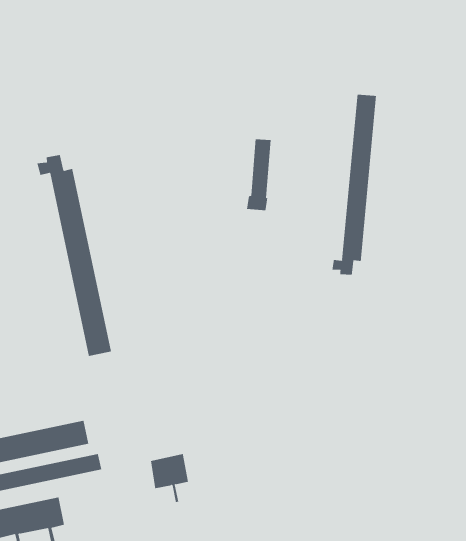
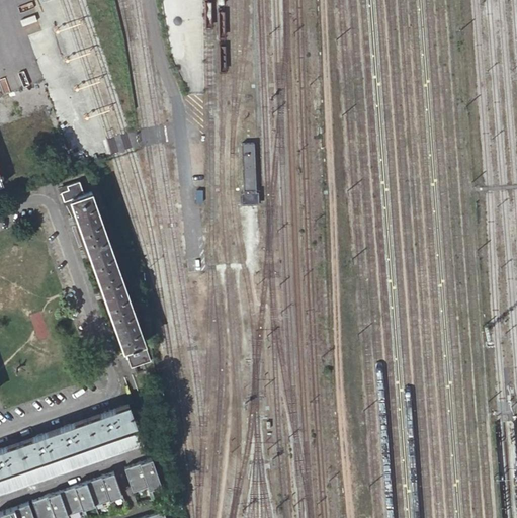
building: [332,94,377,275] -> none
building: none -> [123,344,148,368]
building: [150,454,189,503] -> [126,458,162,501]

